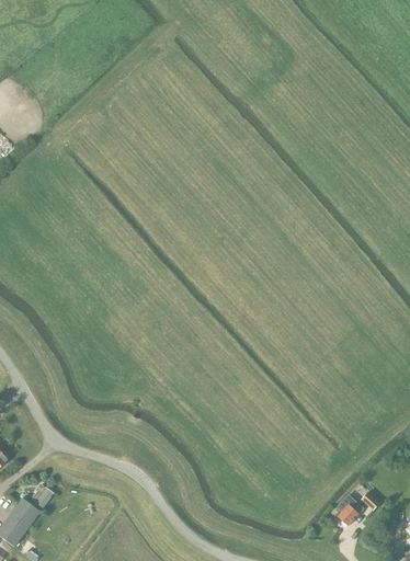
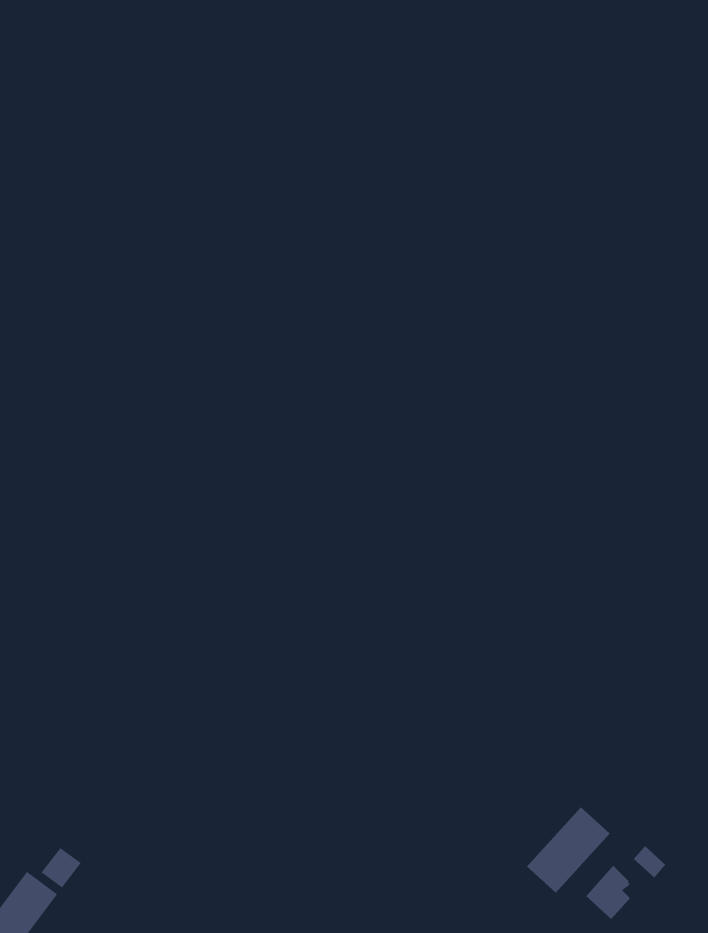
building: none -> [526,806,611,893]

